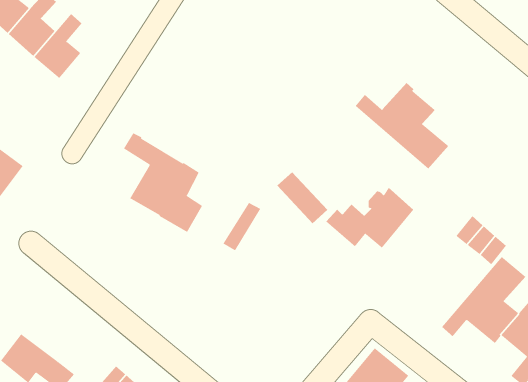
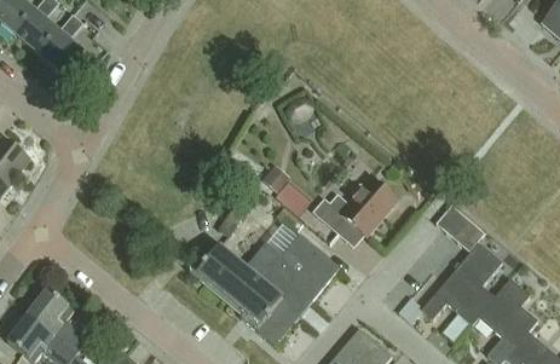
building: [355,82,449,170] -> none
building: [123,133,203,233] -> none
building: none -> [197,232,340,343]
building: none -> [27,289,68,341]

